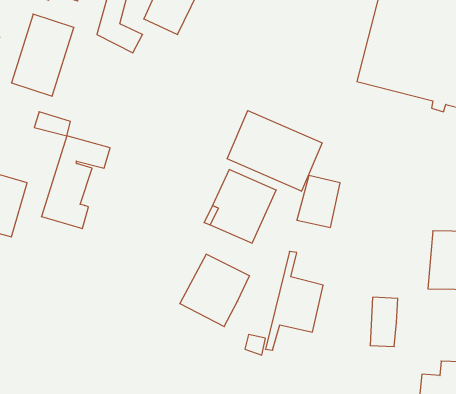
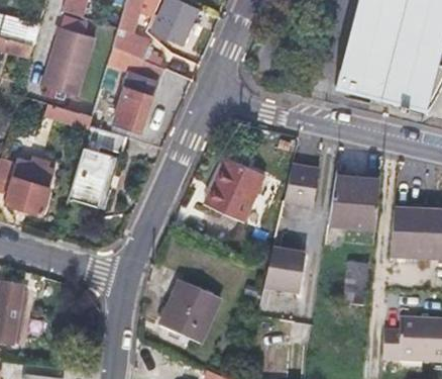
building: none -> [111,43,168,130]
building: [227,111,322,191] -> none
building: none -> [327,177,380,226]
building: [180,254,250,327] -> [162,280,221,341]

